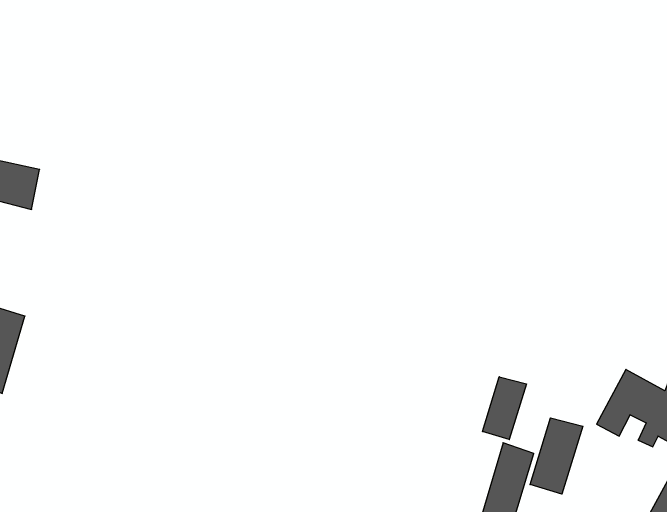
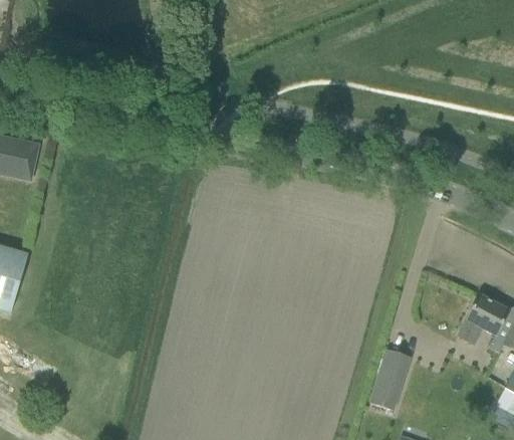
building: [483,377,526,440] -> none
building: [530,418,583,494] -> none

